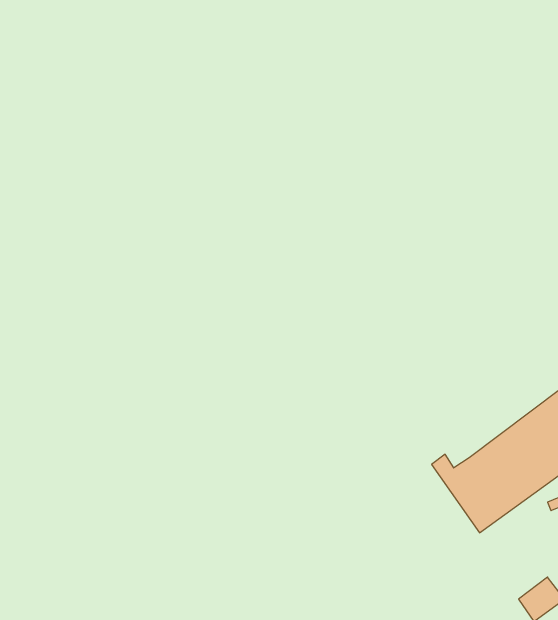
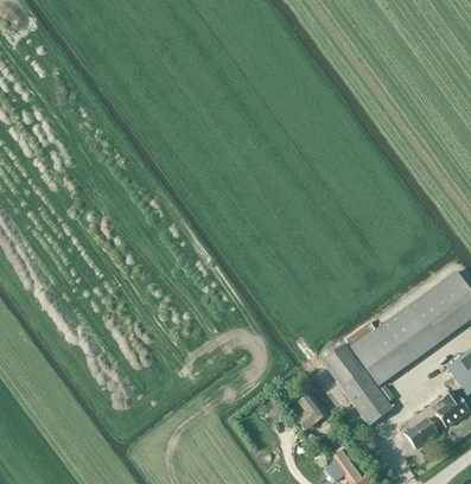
building: none -> [320,343,393,425]
building: none -> [295,391,326,429]

